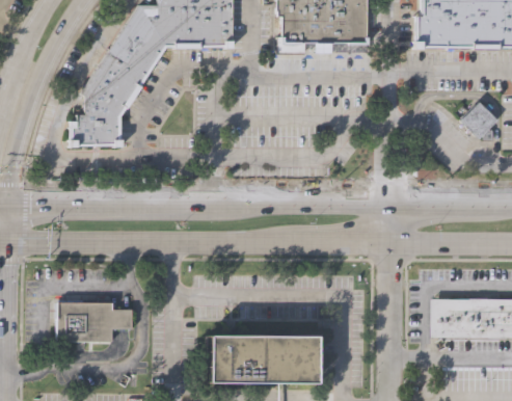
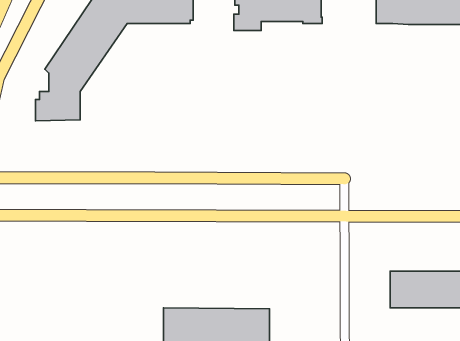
building: [460,101,497,139] -> none
building: [59,299,134,341] -> none

